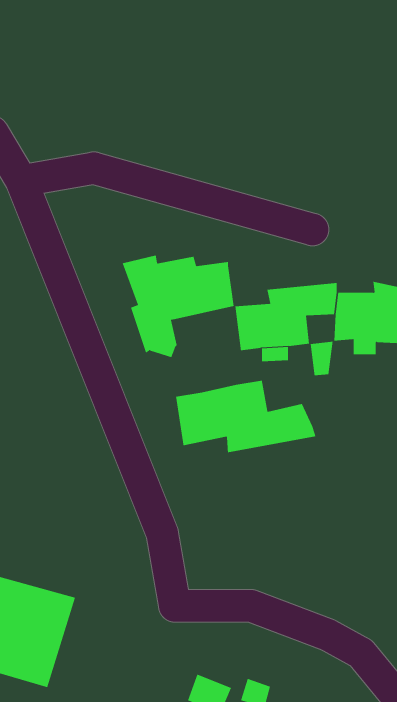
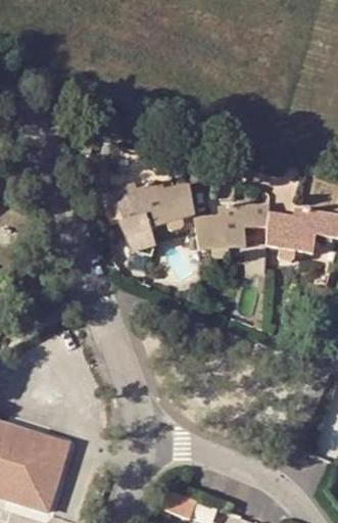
building: [175,380,316,453] -> none

